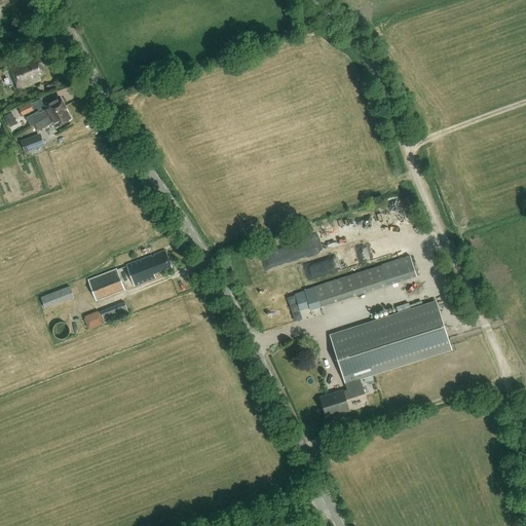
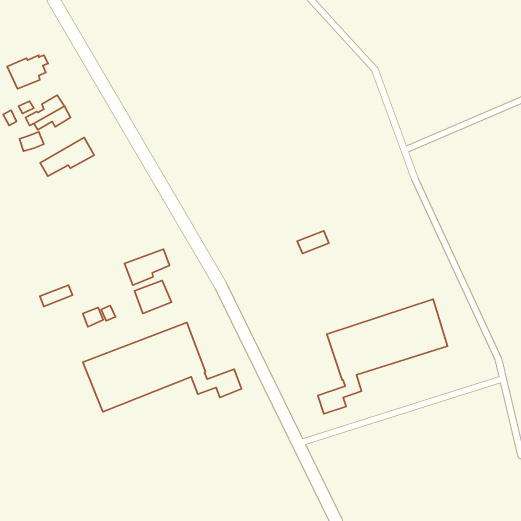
building: none -> [40,137,94,176]
building: [294,256,415,309] -> none
building: [87,269,124,302] -> [135,281,171,313]
building: none -> [83,323,242,412]

